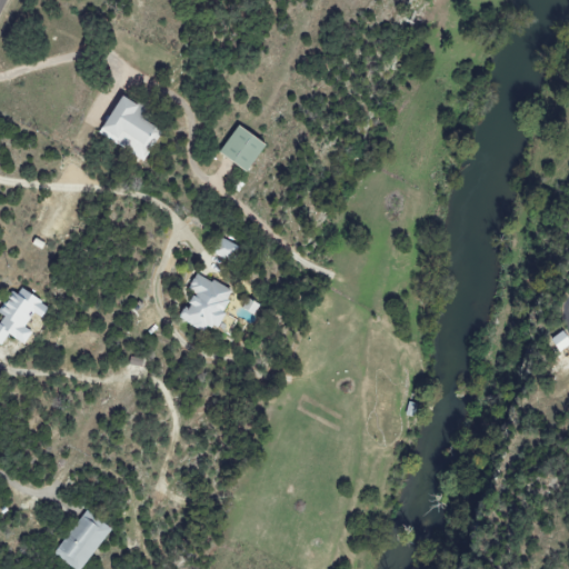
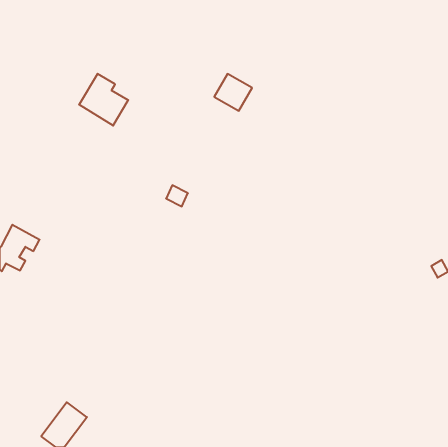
building: [219,123,267,170] -> [214,74,252,111]
building: [177,271,233,331] -> none

